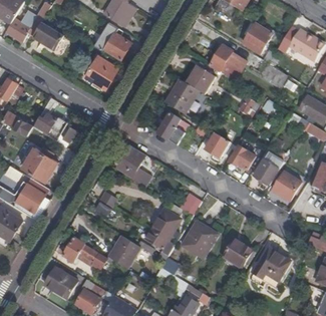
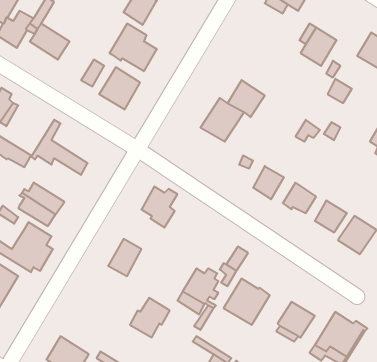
building: [209,45,247,81] -> none
building: [158,113,185,144] -> none
building: [63,236,106,269] -> none

